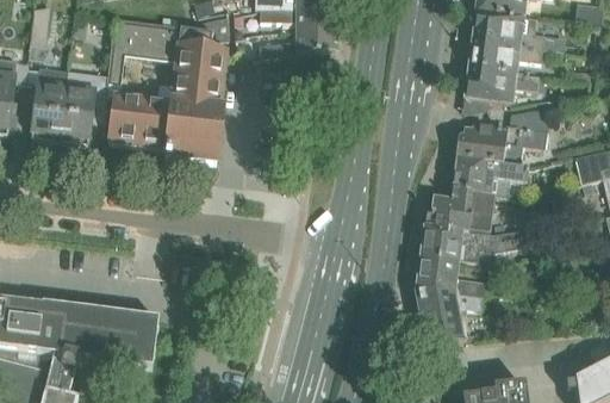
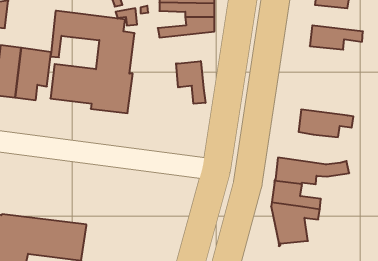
building: [472,10,544,47] -> none
building: [462,67,543,110] -> none
building: none -> [176,61,205,104]
building: [456,104,550,163] -> none
building: [424,186,511,231] -> none

